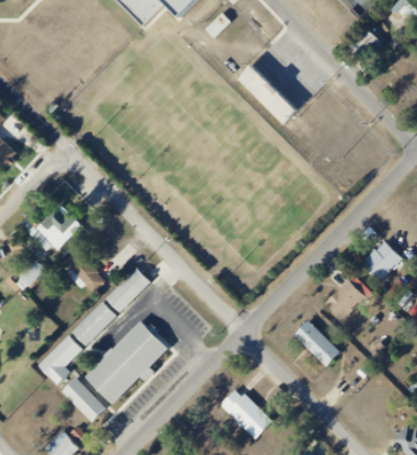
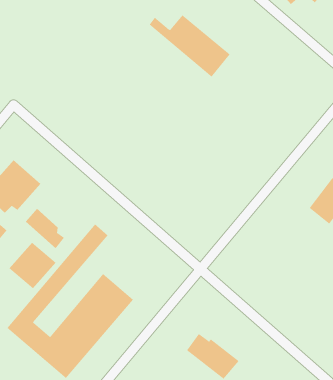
building: [323,280,364,321] -> none
building: none -> [8,242,56,289]
building: [293,319,340,366] -> none

